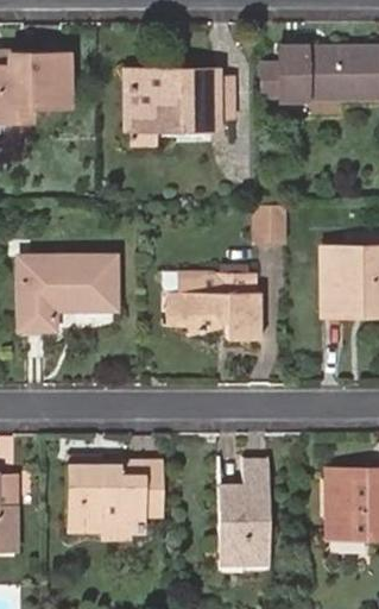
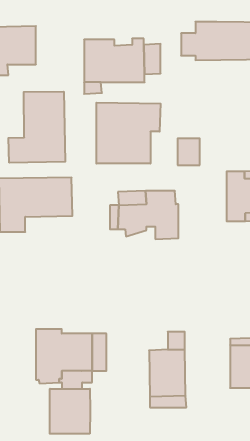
building: none -> [8,92,65,163]
building: none -> [96,103,161,164]
building: none -> [50,389,90,434]

